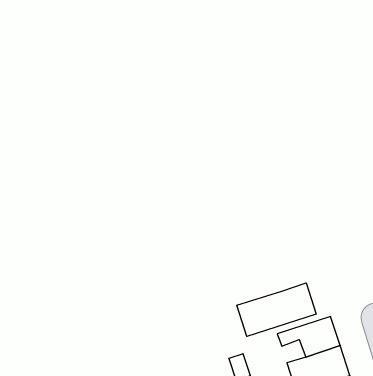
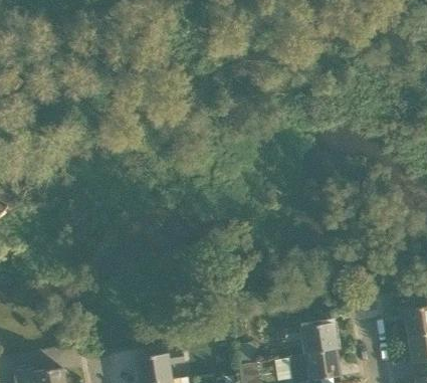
building: [237,283,316,336] -> none

